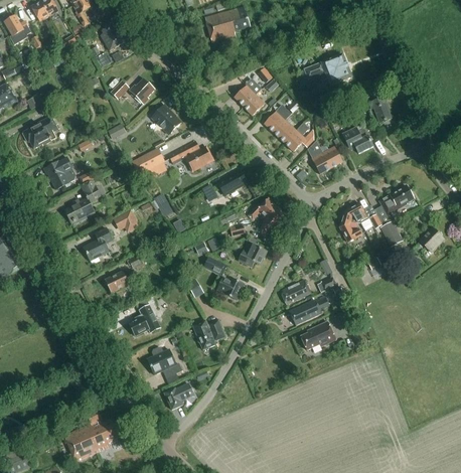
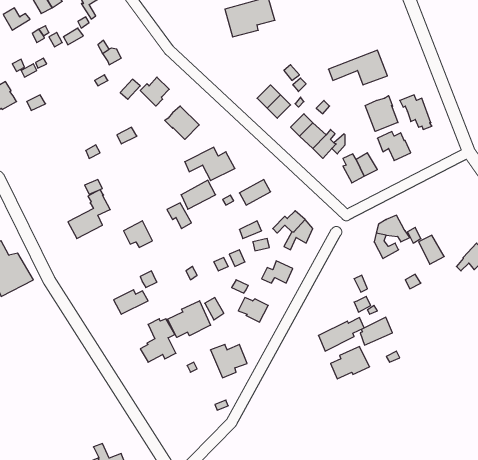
building: [100,24,126,50] -> none
building: none -> [365,96,398,131]
building: [23,116,59,149] -> none
building: [136,148,167,174] -> [181,180,216,209]
building: [44,157,75,189] -> none
building: [379,185,415,215] -> none
building: [84,227,113,264] -> none
building: [282,280,311,305] -> [360,317,392,345]
building: none -> [167,301,211,337]
building: [148,347,182,378] -> none
building: [164,383,194,410] -> none

